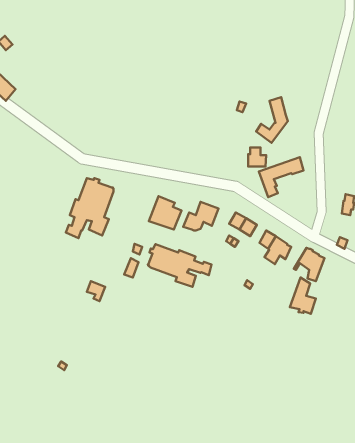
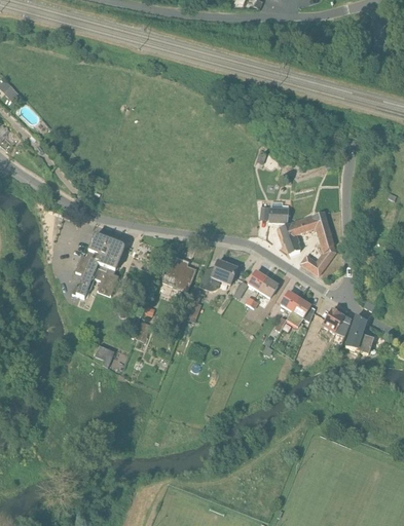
building: [256,97,288,143] -> [301,225,335,274]
building: [148,244,212,287] -> none
building: [290,278,316,314] -> [344,314,372,353]

